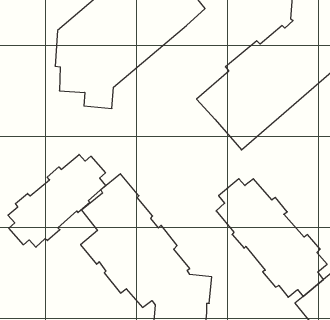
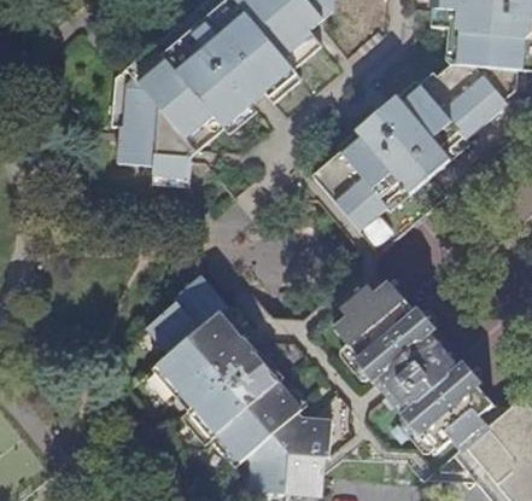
building: [8,154,106,247] -> none

